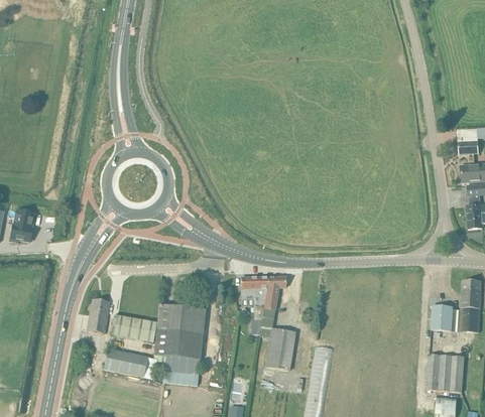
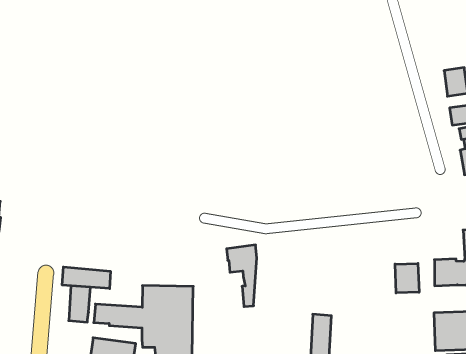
building: [259,276,295,371] -> none
building: none -> [62,267,110,289]
building: none -> [395,263,419,293]

